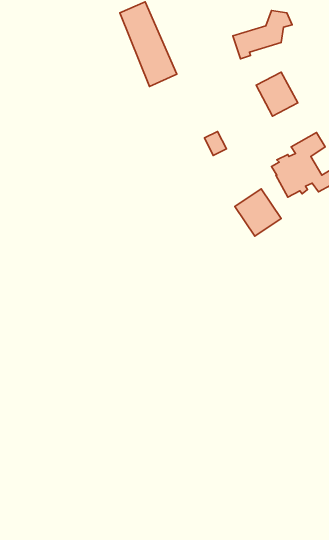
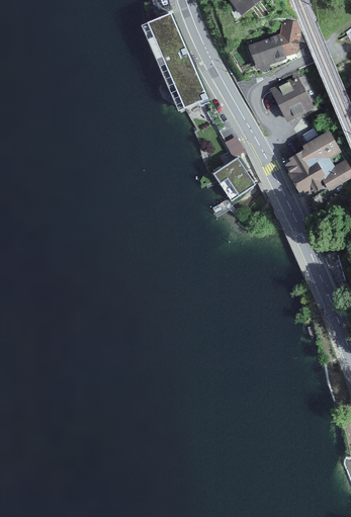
building: none -> [173,81,206,111]
building: [235,189,281,236] -> [211,158,254,201]

